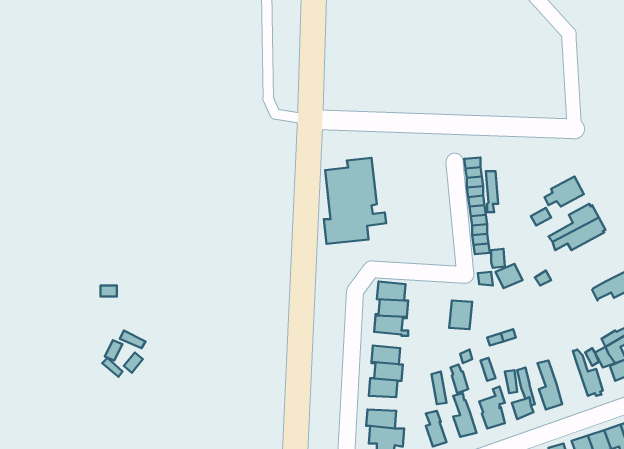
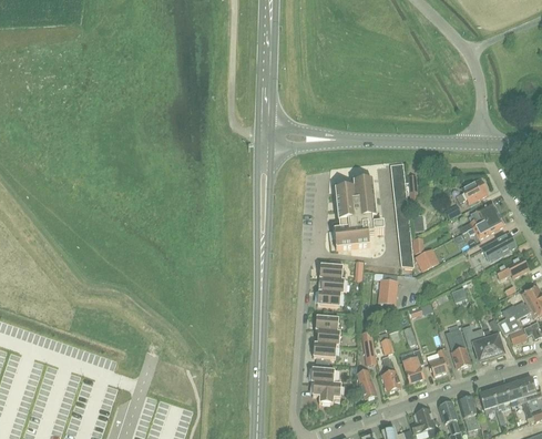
building: [324,158,386,244] -> [334,178,385,248]
building: none -> [481,233,515,262]
building: none -> [463,325,491,361]

